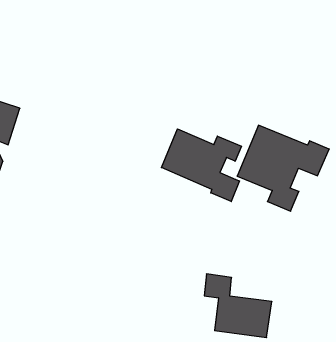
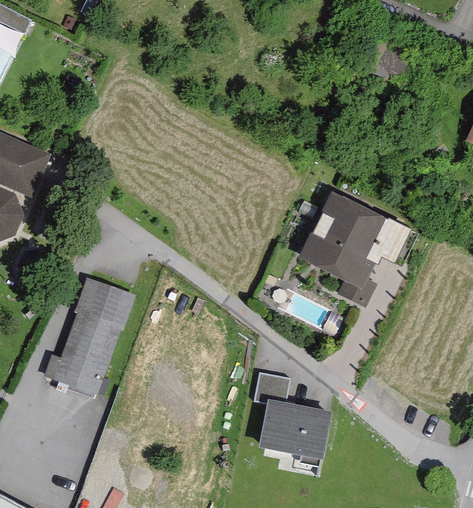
building: [161,129,242,202] -> none
building: none -> [45,277,133,396]

